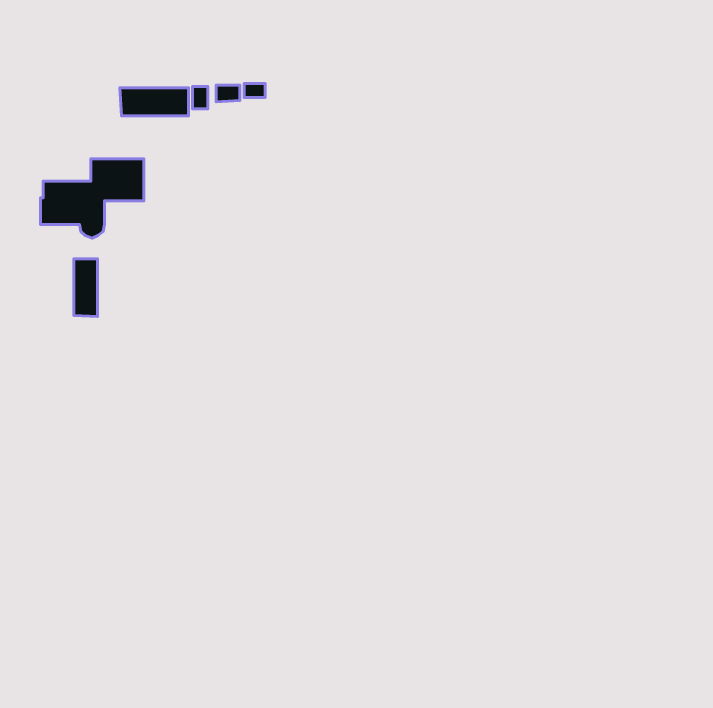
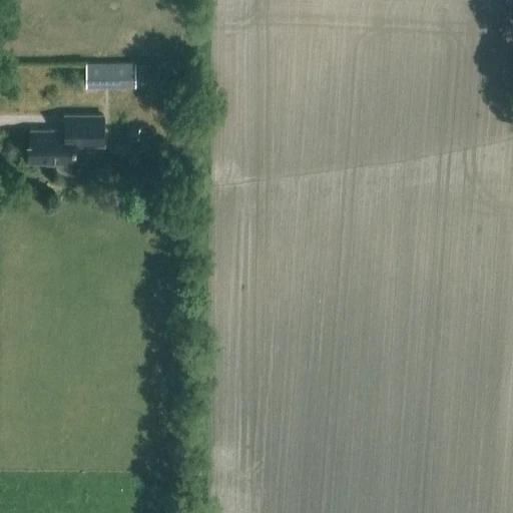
building: [74,259,98,317] -> none

